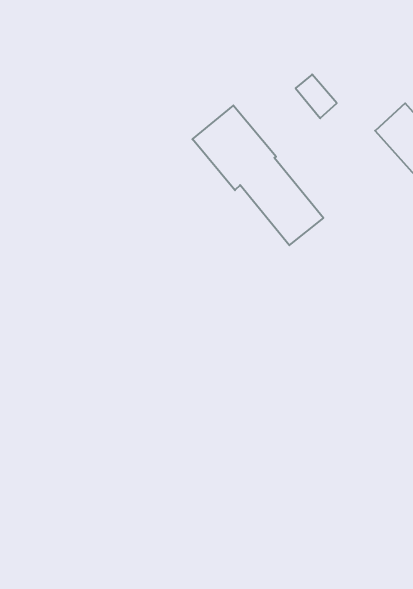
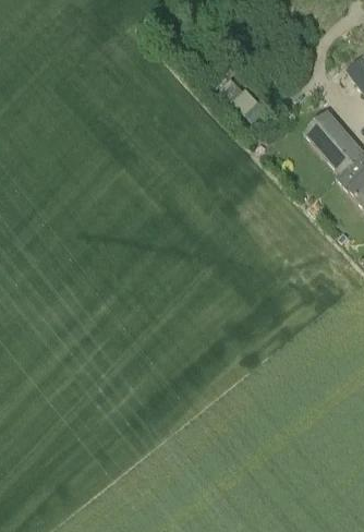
building: [192,105,323,245] -> none

